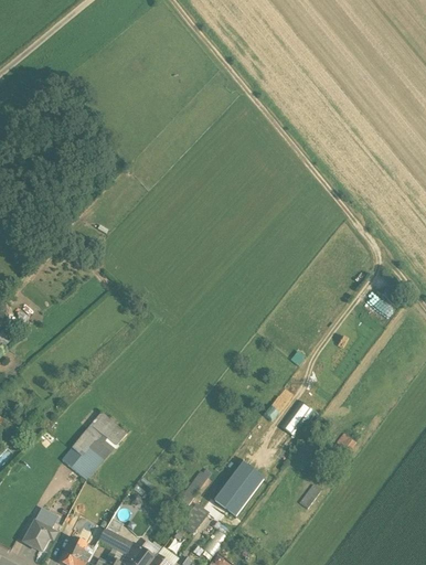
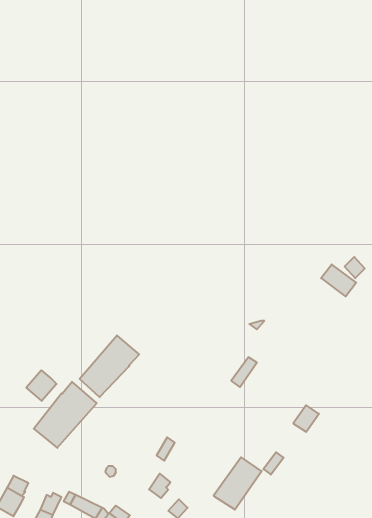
building: none -> [80,335,139,397]
building: none -> [26,370,57,401]
building: [214,461,264,515] -> [214,457,262,510]

